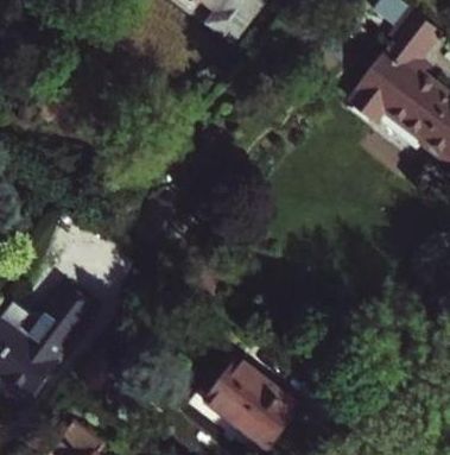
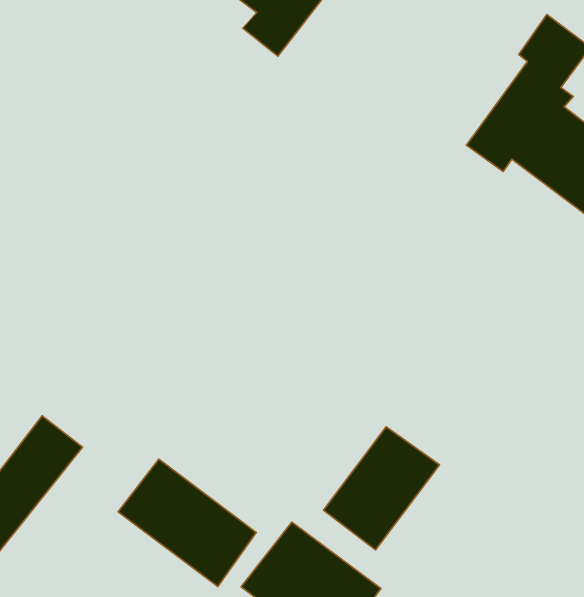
building: none -> [324,427,439,550]
building: none -> [118,459,256,586]

